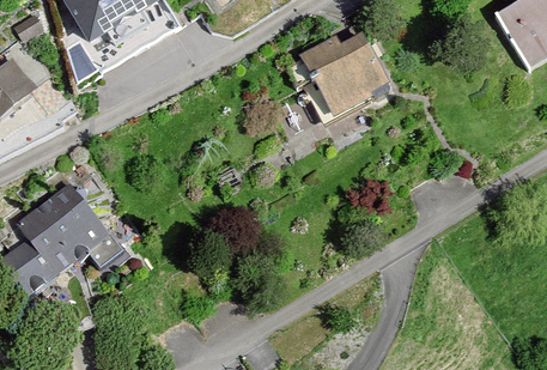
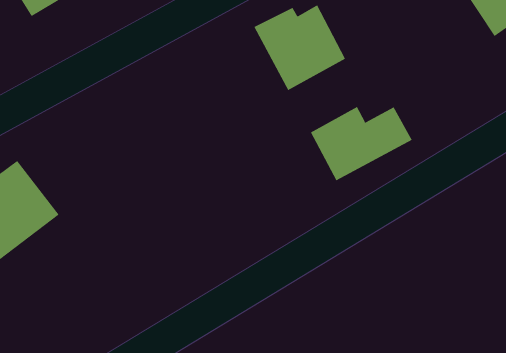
building: none -> [310,106,413,181]

